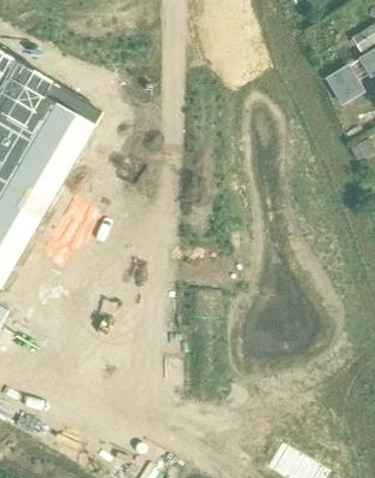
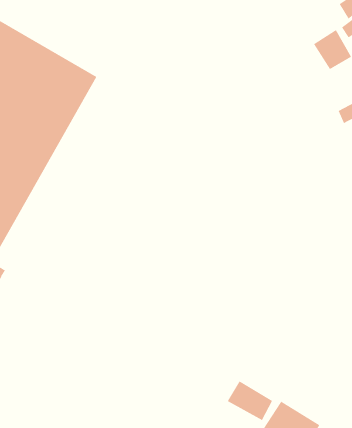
building: none -> [228,380,273,421]

